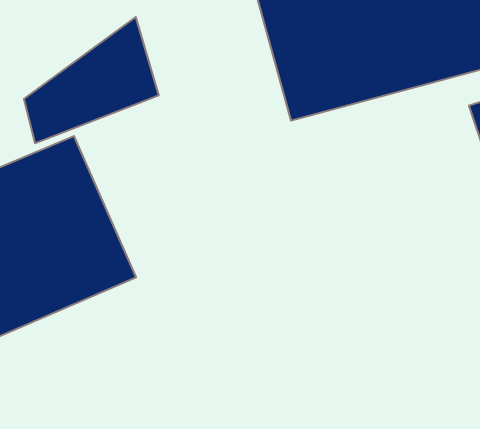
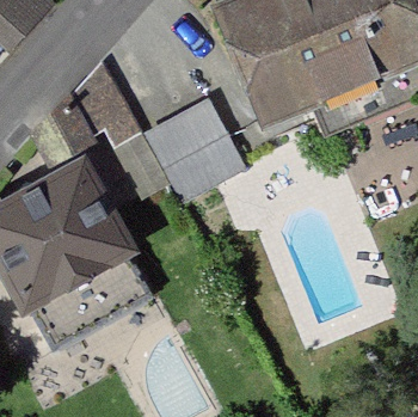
building: none -> [152,104,250,202]

